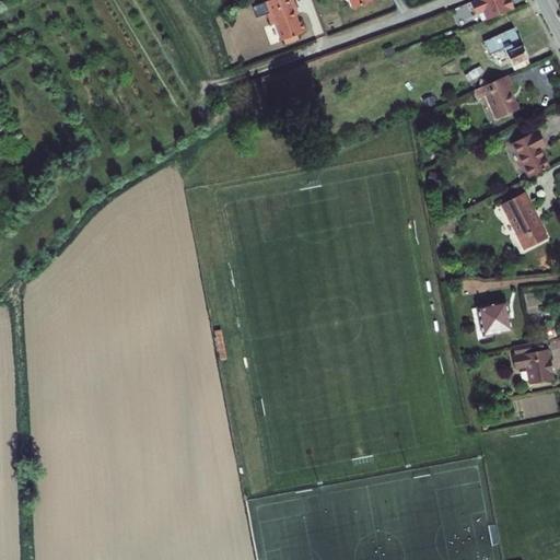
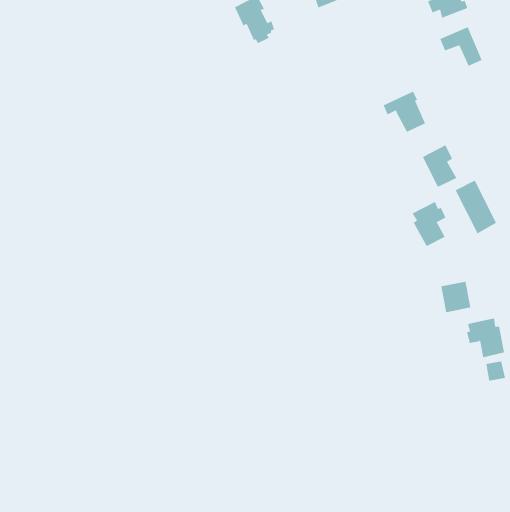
building: [472,74,518,119] -> [383,91,426,133]
building: [511,131,548,177] -> [422,144,457,187]
building: none -> [412,201,446,247]

